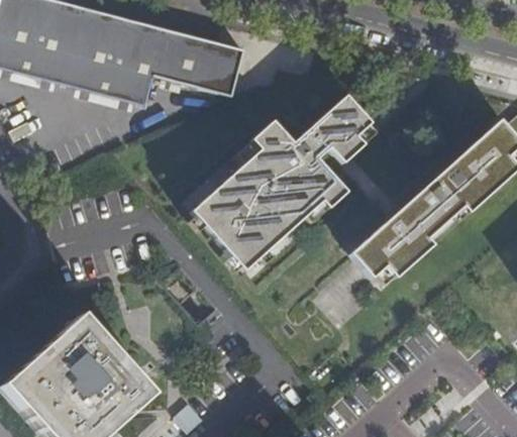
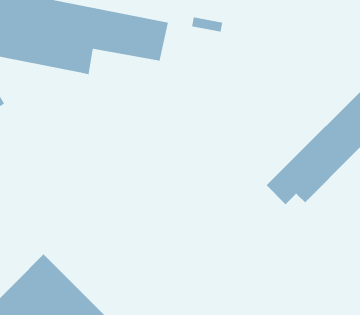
building: [196,93,375,266] -> none

